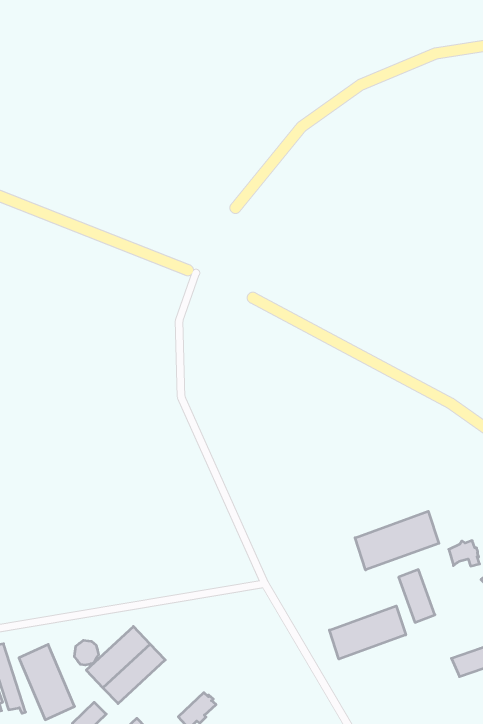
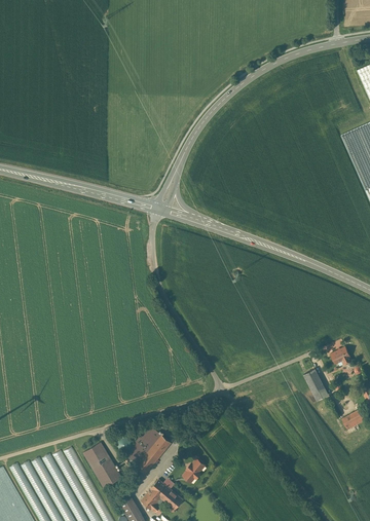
building: [355,511,439,570] -> none
building: [329,606,406,659] -> none

